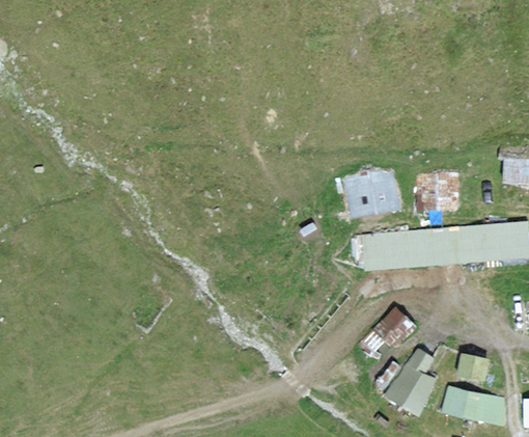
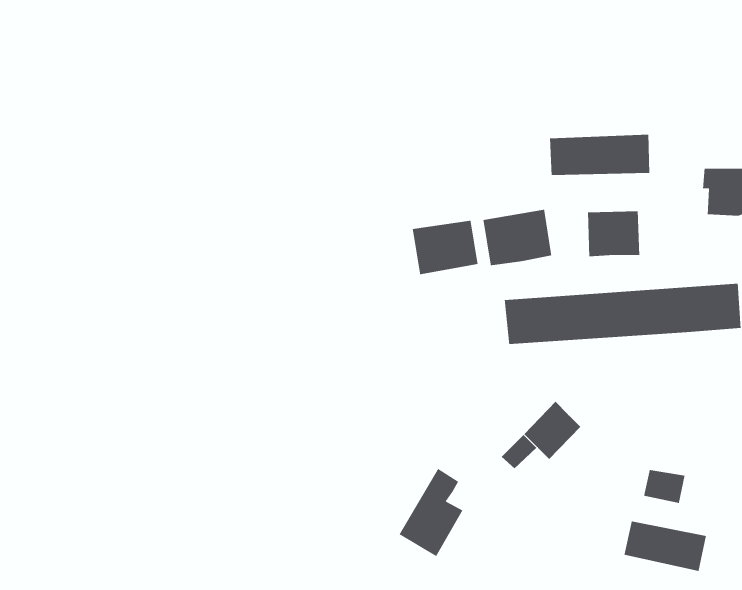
building: none -> [549,134,650,176]
building: none -> [412,220,479,275]
building: [390,348,435,409] -> [398,468,464,557]

